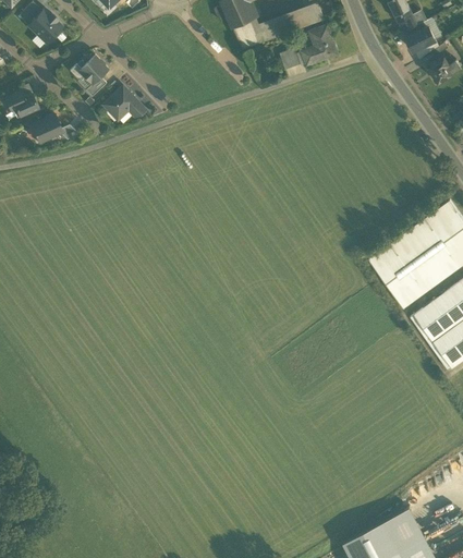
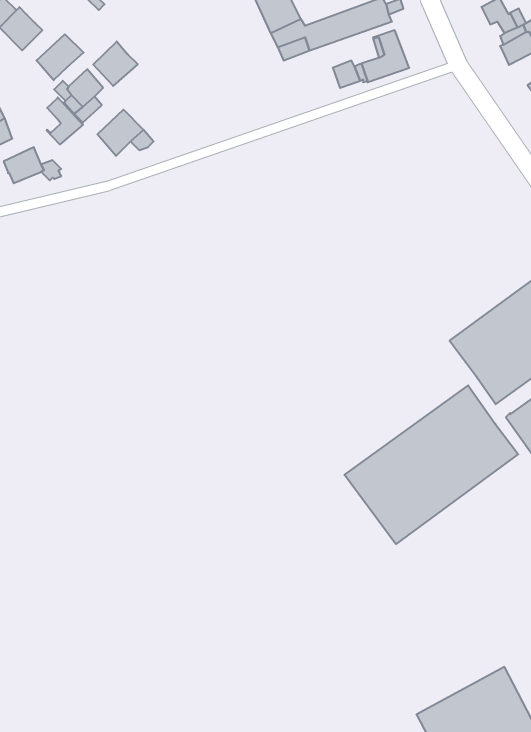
building: none -> [36,34,84,80]
building: none -> [93,41,138,86]
building: none -> [47,97,83,144]
building: none -> [344,385,518,544]

